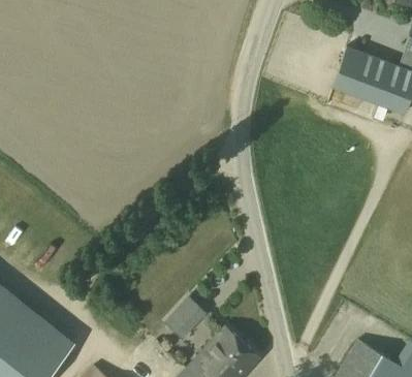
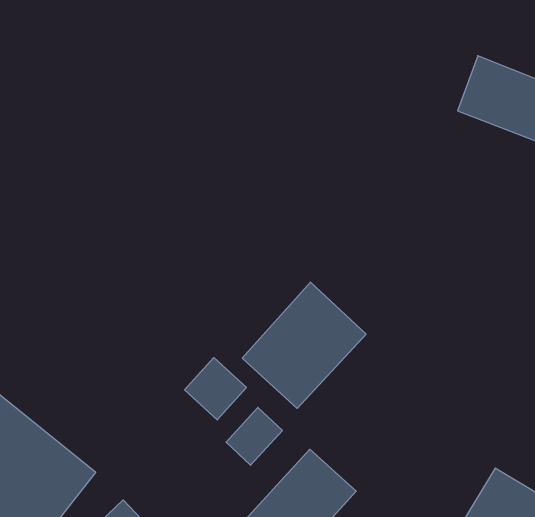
building: none -> [242,282,366,408]
building: none -> [185,358,246,420]

